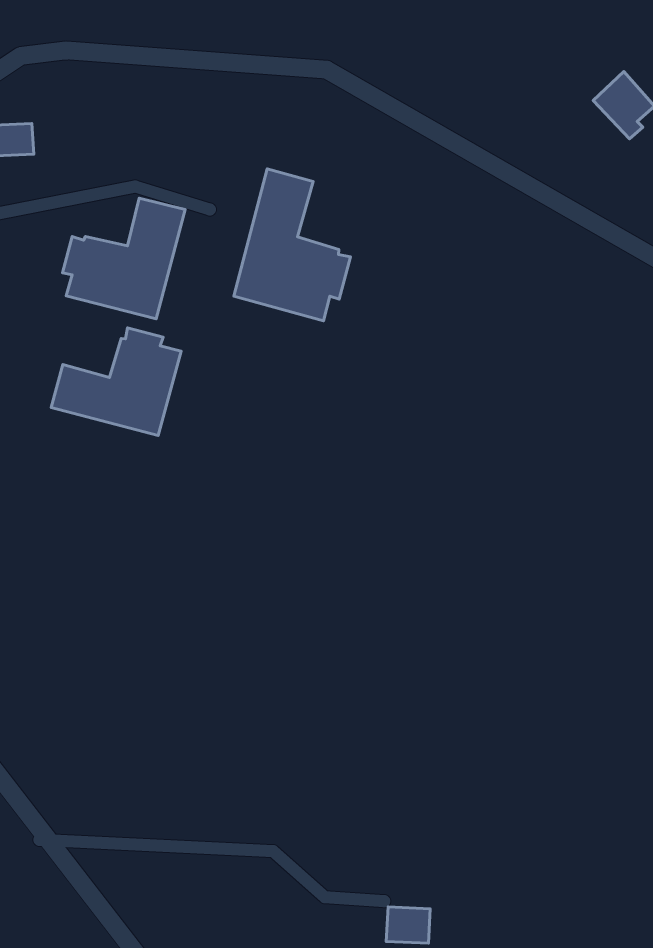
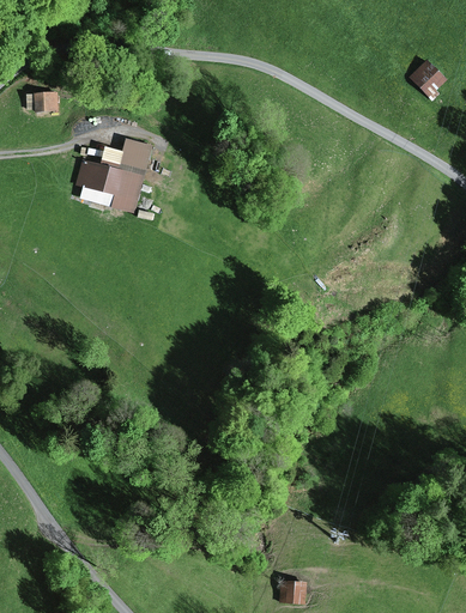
building: [234,169,350,321] -> none
building: [51,328,181,436] -> none

